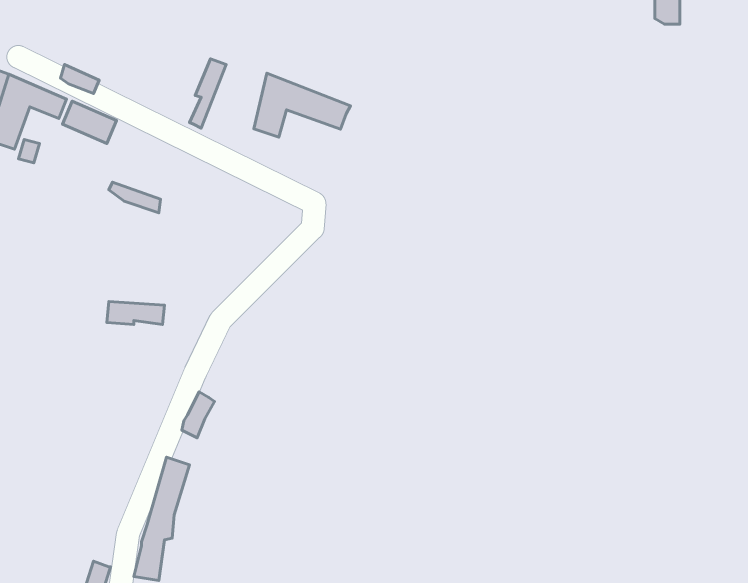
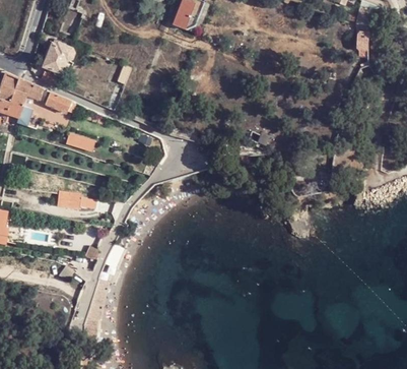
building: none -> [45,43,74,72]
building: [254,73,351,137] -> none

